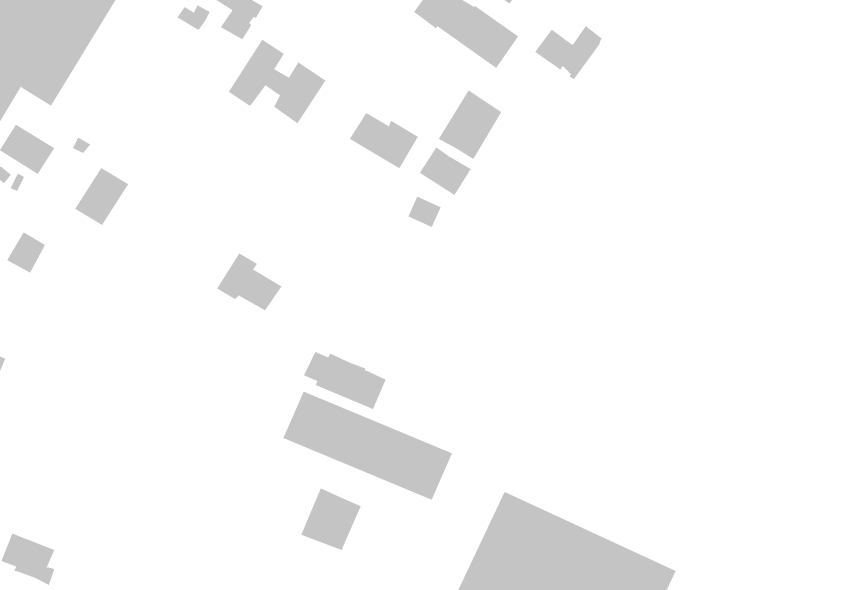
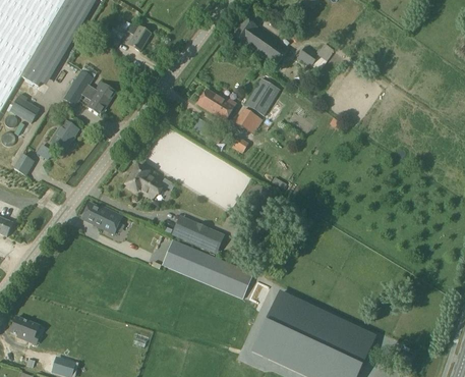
building: [228,39,326,124] -> [63,69,116,115]
building: none -> [81,202,122,233]
building: [301,487,361,551] -> none

